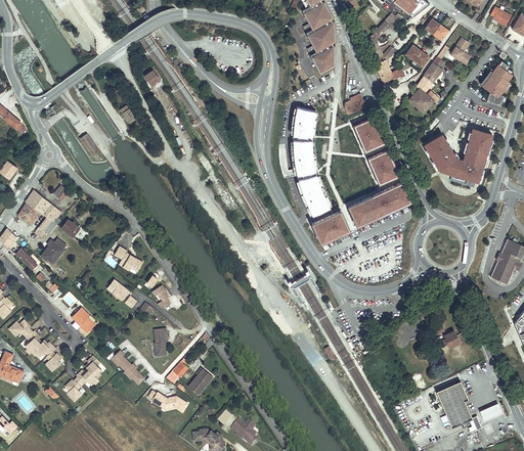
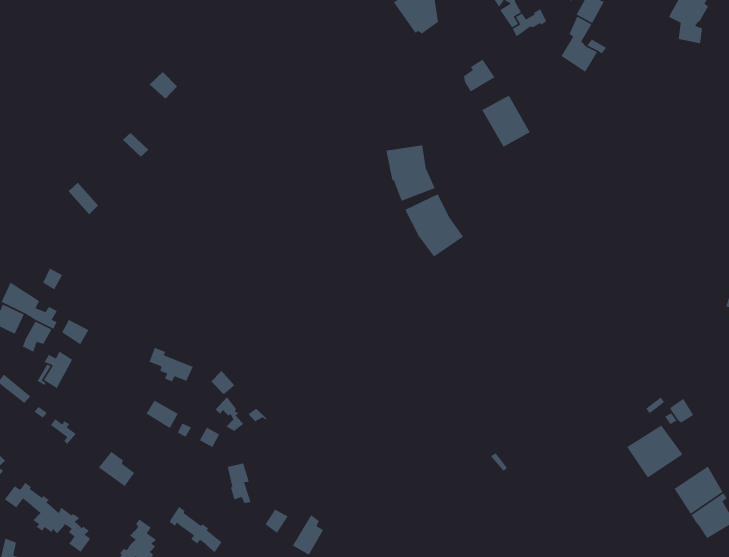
building: [289,108,312,138] -> none
building: [424,128,492,182] -> none
building: [366,151,395,185] -> none
building: [345,184,406,226] -> none
building: [309,213,346,244] -> none
building: none -> [626,424,684,478]

